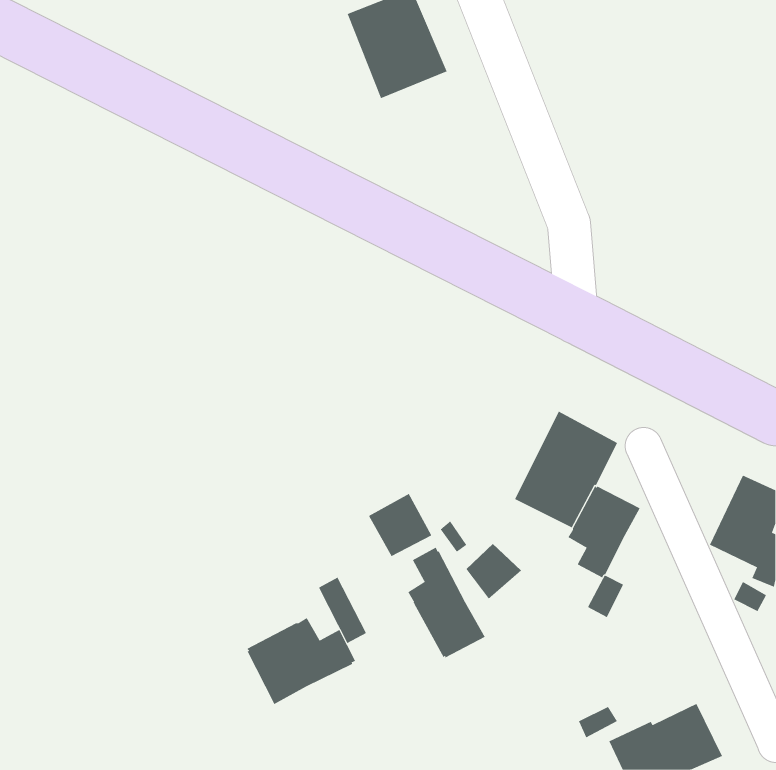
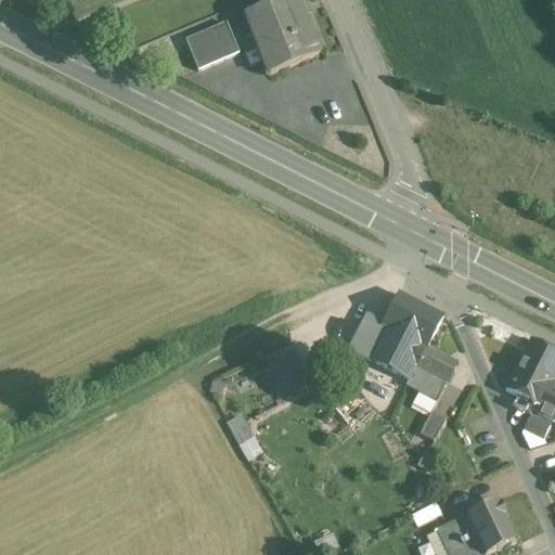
building: none -> [183,20,238,67]
building: none -> [349,314,383,356]
building: [407,547,485,658] -> none
building: [246,617,356,705] -> none

